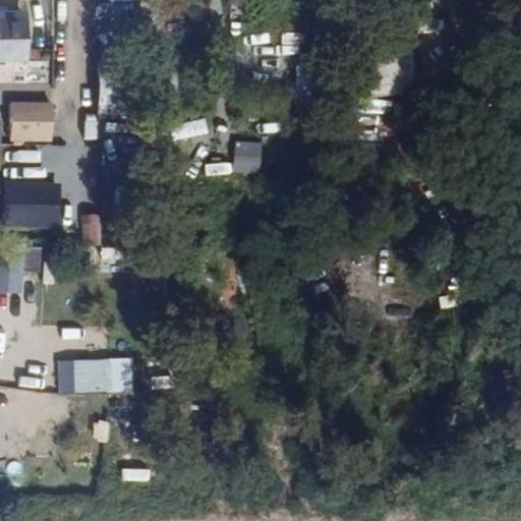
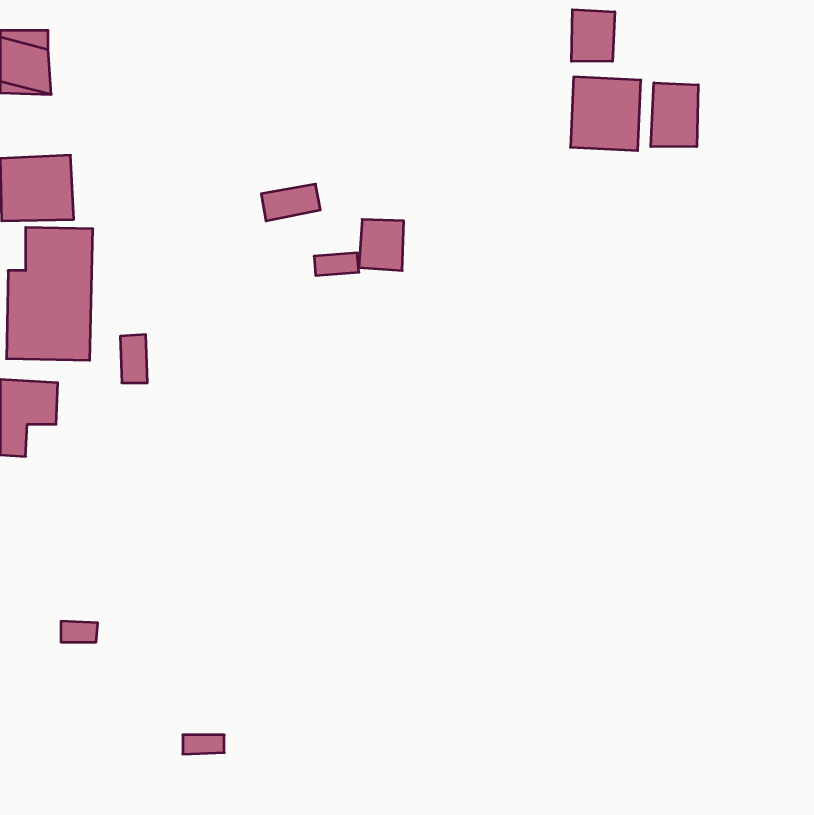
building: none -> [571,10,615,61]
building: none -> [651,83,698,147]
building: [58,358,130,394] -> none

